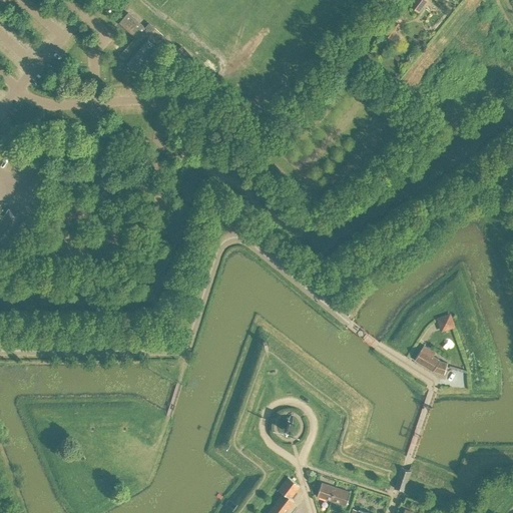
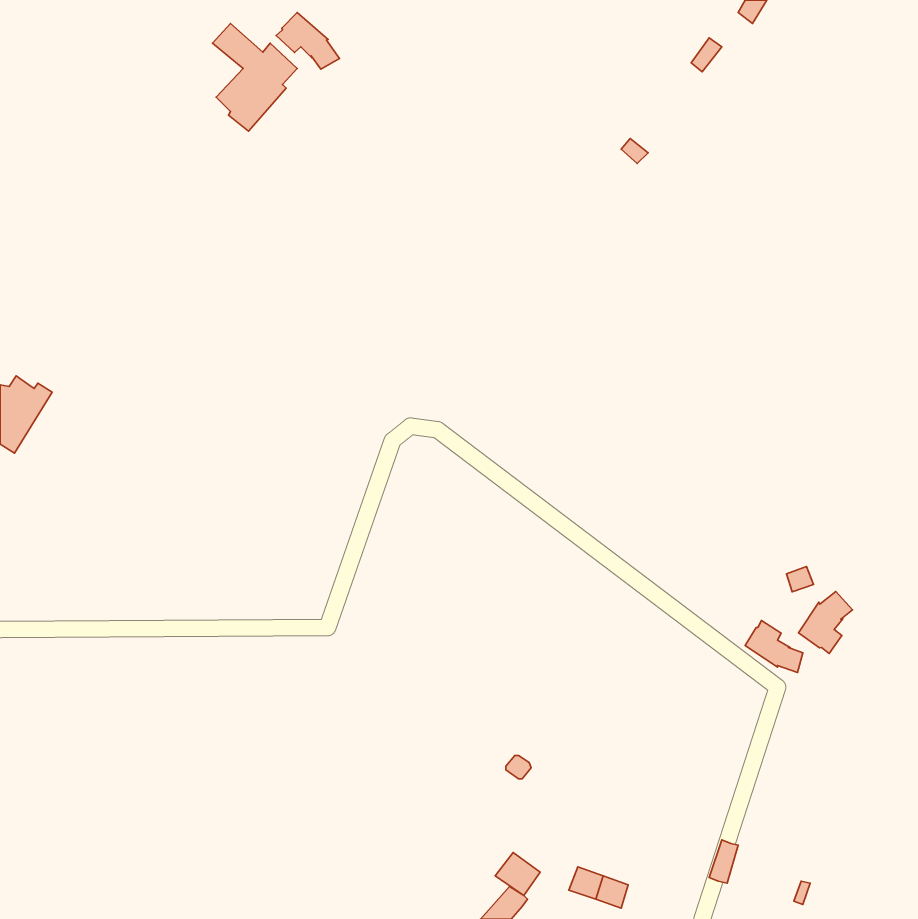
building: none -> [276,12,339,69]
building: none -> [799,591,852,654]

